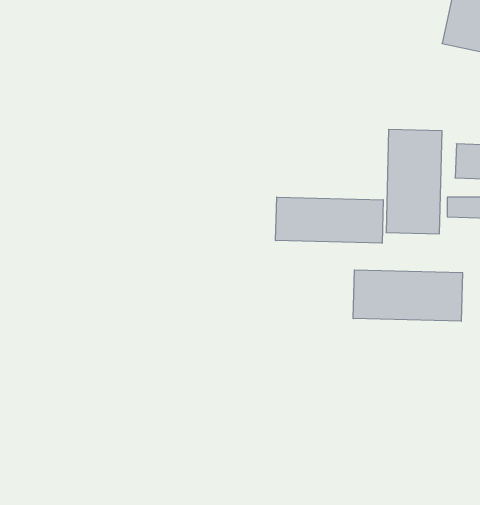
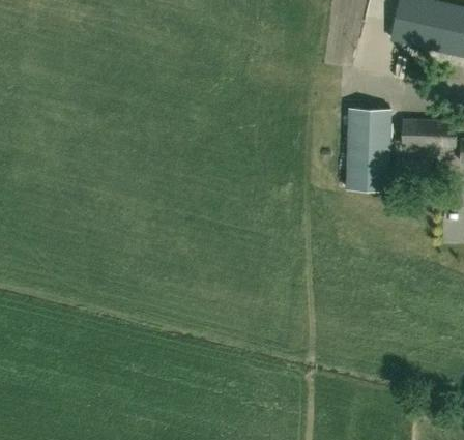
building: [276,197,383,243] -> none
building: [353,270,463,321] -> none

